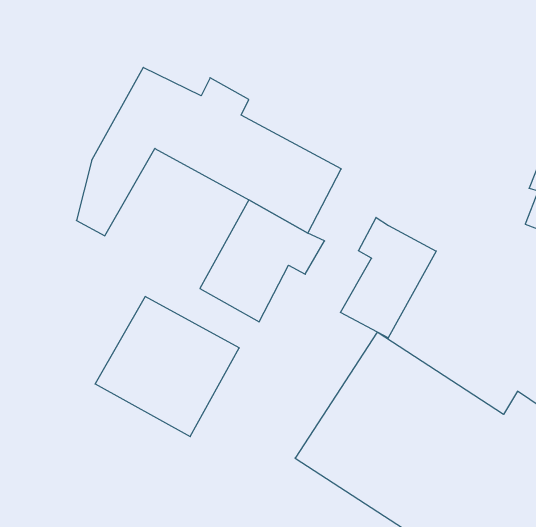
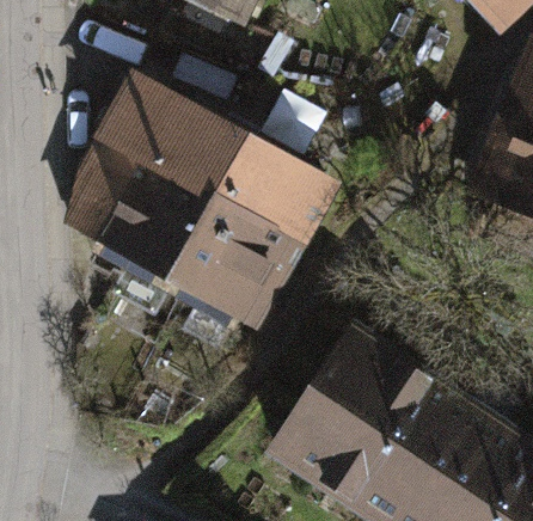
building: [340,217,436,338] -> none
building: [95,297,239,437] -> [103,159,237,289]

